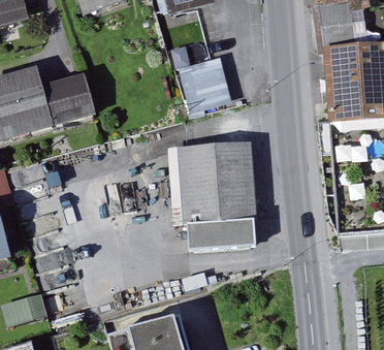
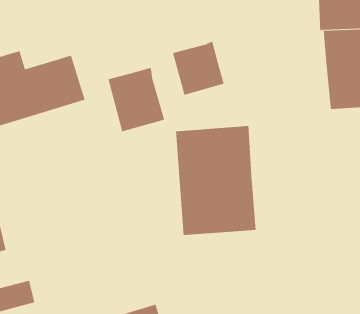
building: none -> [108,67,165,132]

